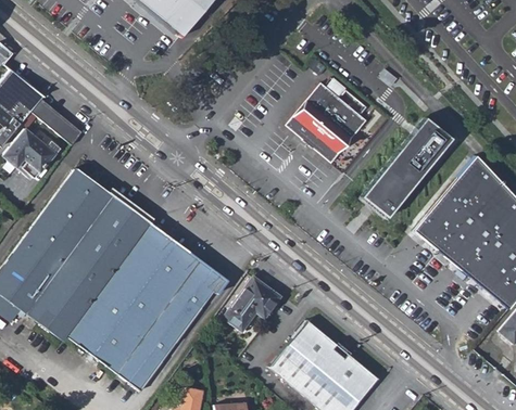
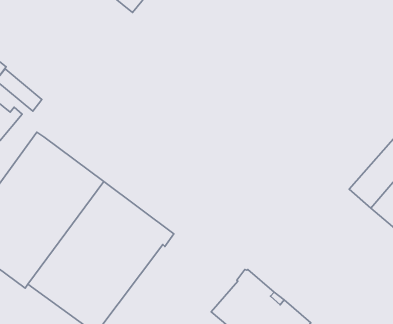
building: [287,84,367,163] -> none
building: [362,116,452,218] -> none
building: [223,277,280,331] -> none

